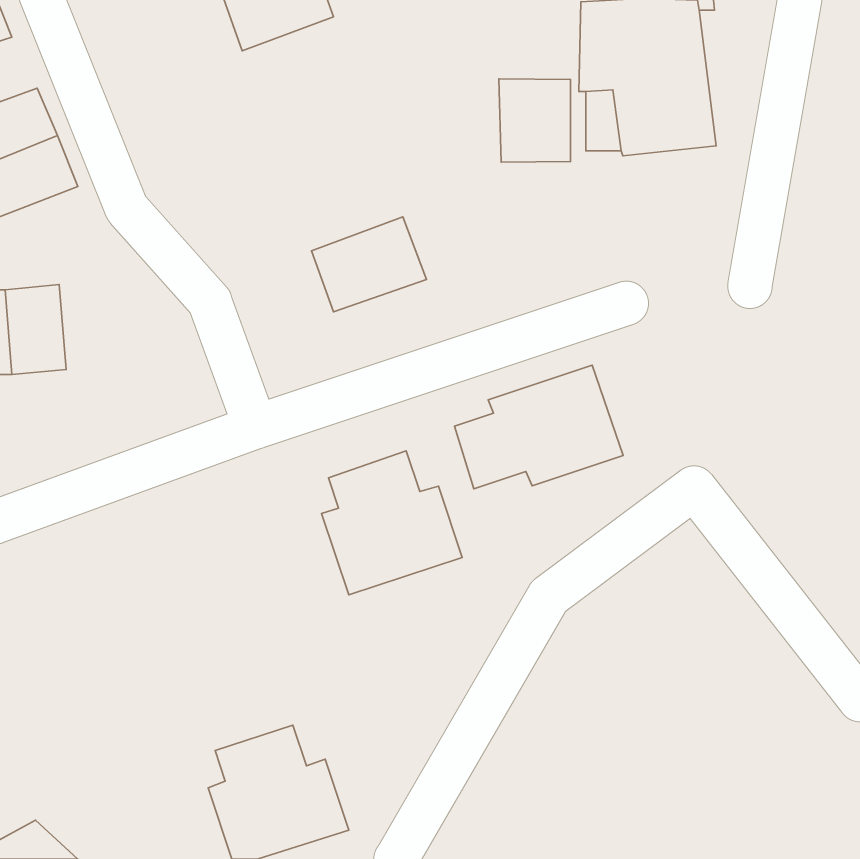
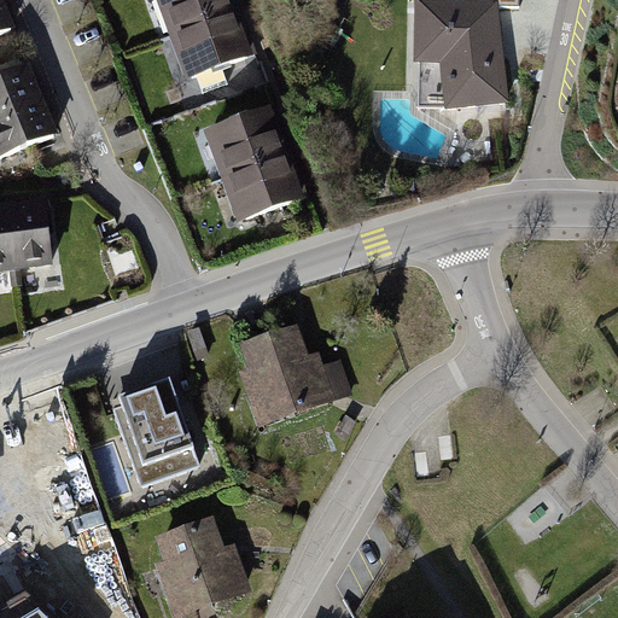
building: none -> [173,12,253,80]
building: [499,79,570,162] -> none
building: none -> [206,109,287,179]
building: [454,365,623,489] -> none
building: none -> [111,379,199,486]

